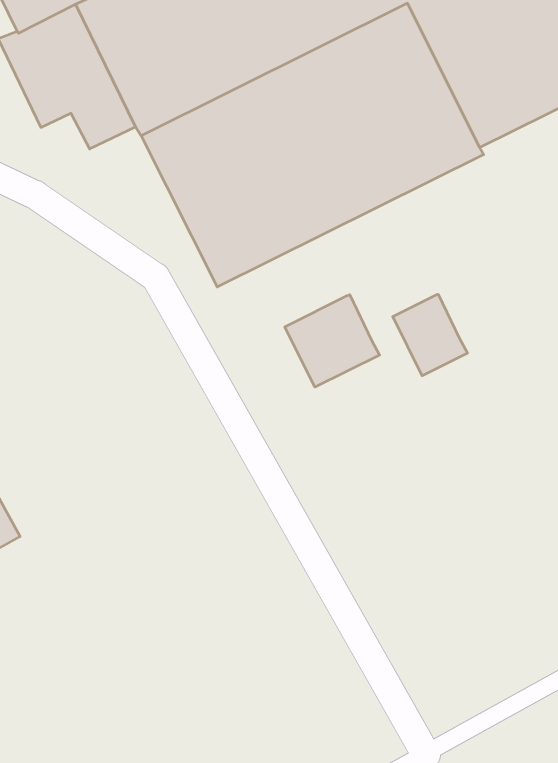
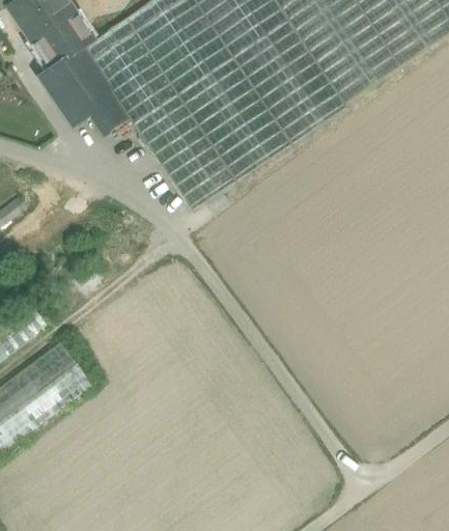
building: [393,294,467,376] -> none
building: [285,295,380,387] -> none

